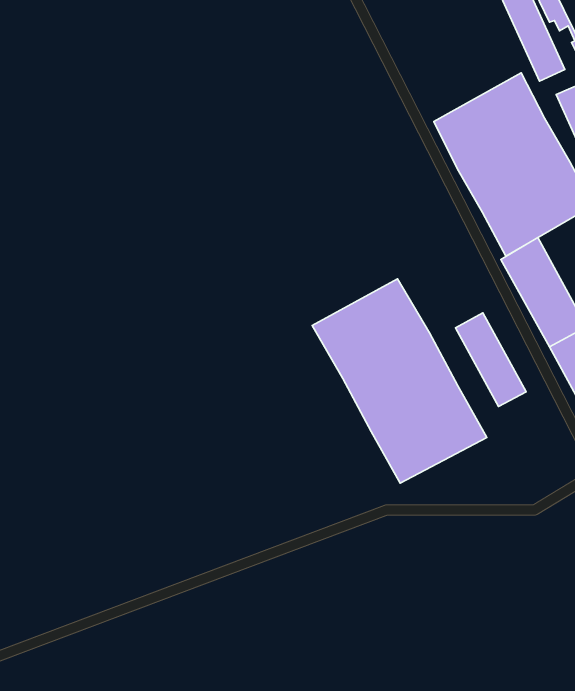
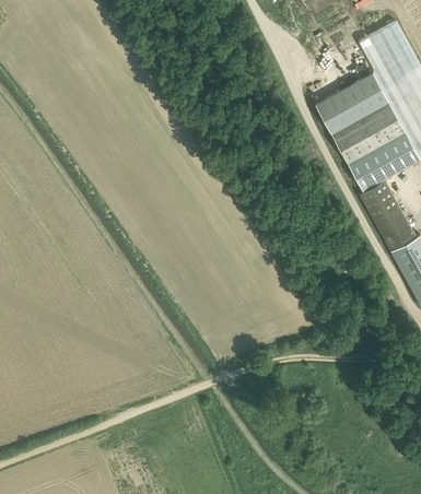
building: [312,279,487,483] -> none
building: [456,313,526,406] -> none

